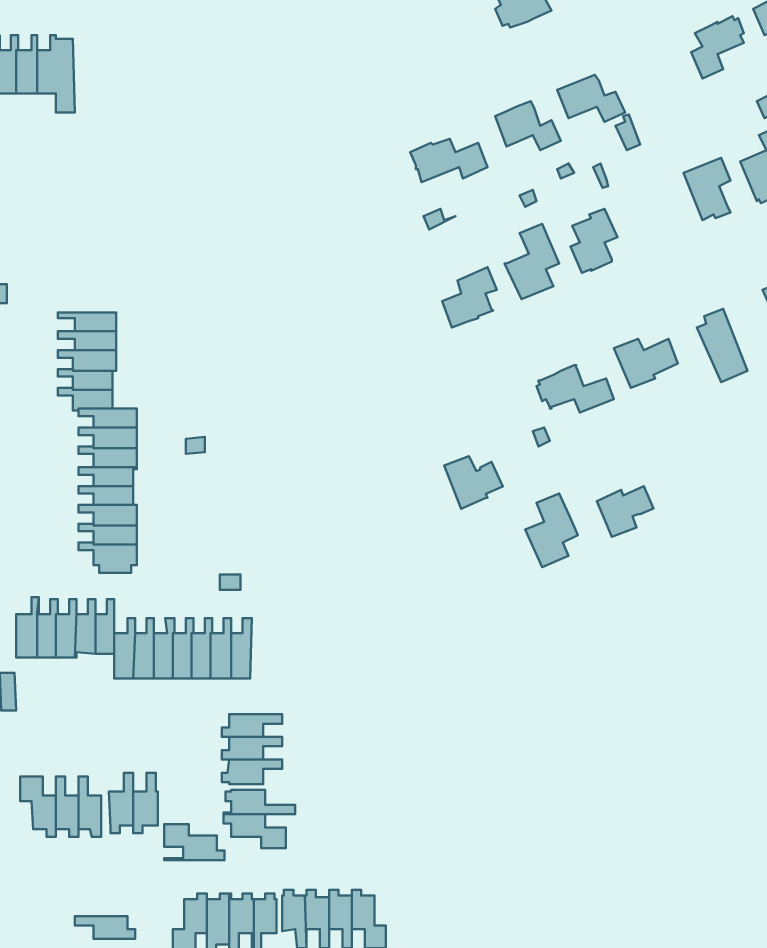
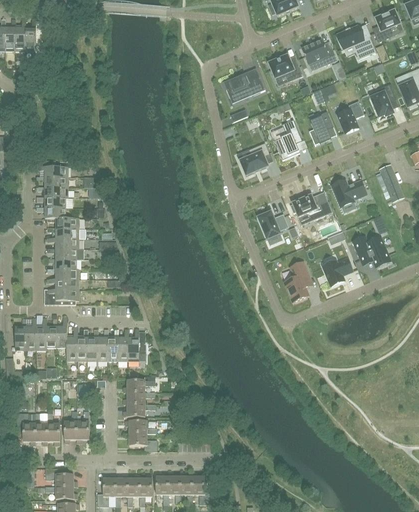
building: none -> [337,25,375,58]
building: none -> [336,101,363,133]
building: none -> [353,236,388,265]
building: [444,456,503,509] -> [257,211,288,239]
building: [164,824,224,860] -> [45,467,77,486]

